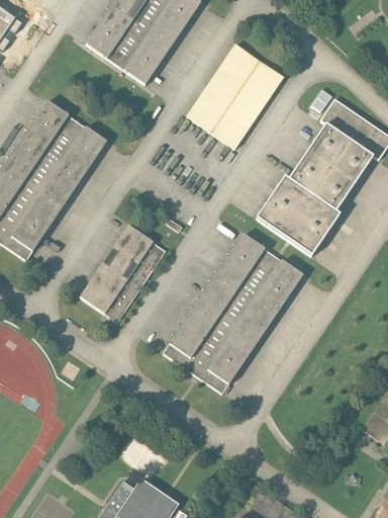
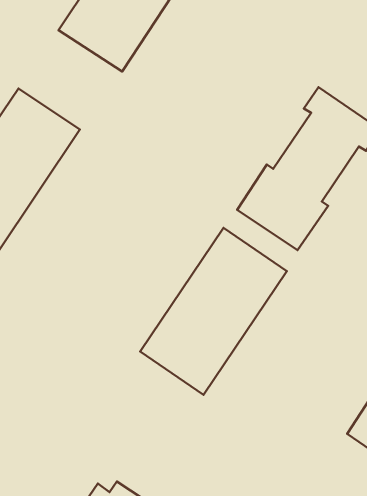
building: [187,42,284,149] -> none
building: [79,225,164,321] -> none

